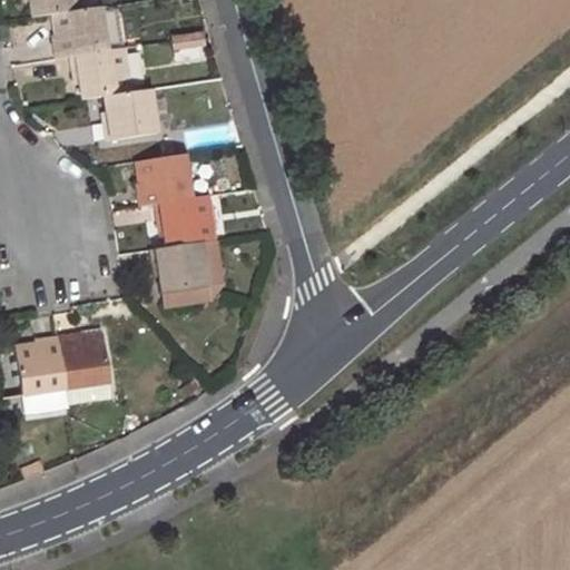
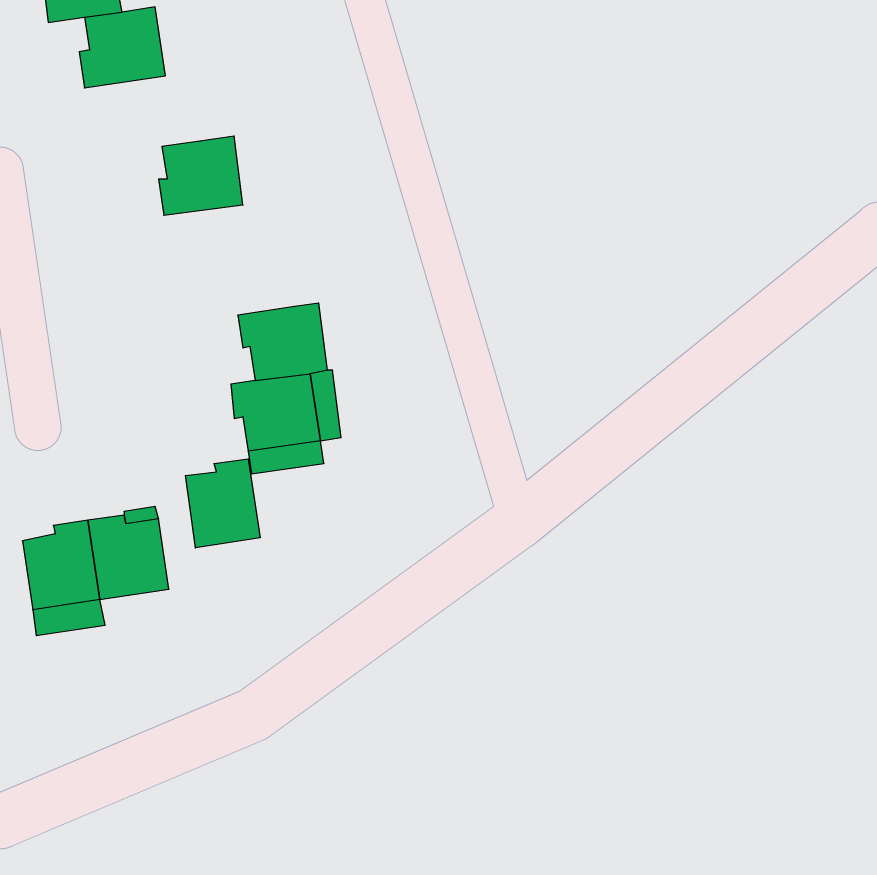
building: [71,47,131,99] -> none
building: [137,153,193,206] -> none
building: none -> [185,459,260,548]

